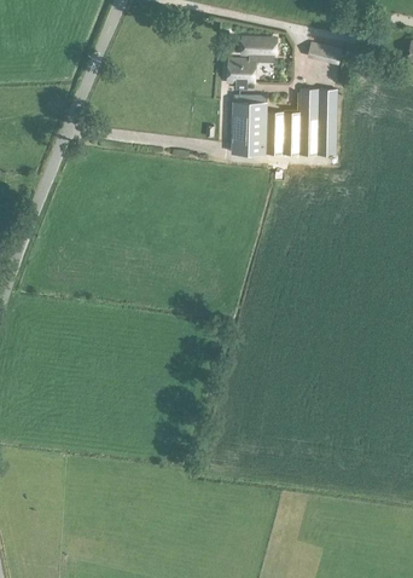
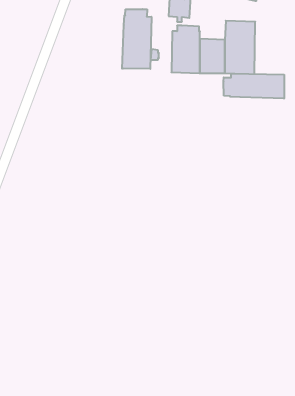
building: none -> [122,9,151,69]
building: none -> [224,74,284,99]

